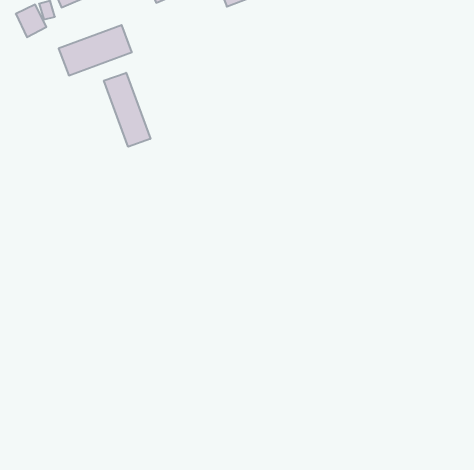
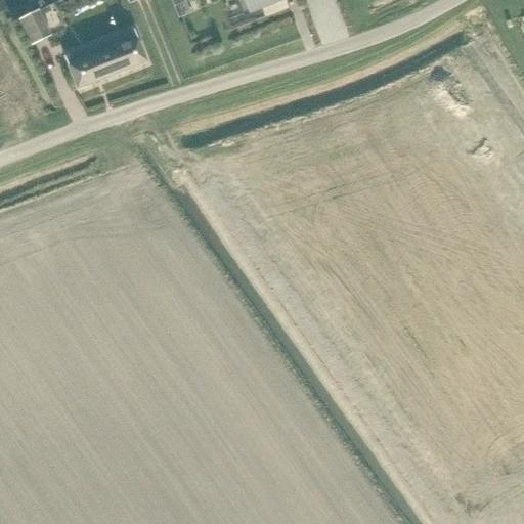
building: [104,73,150,147] -> none

